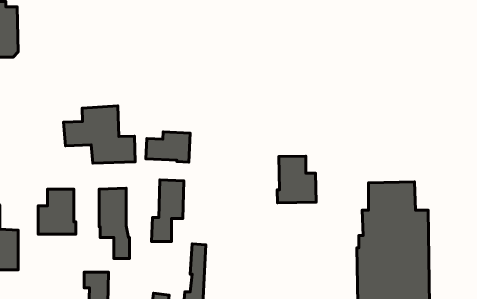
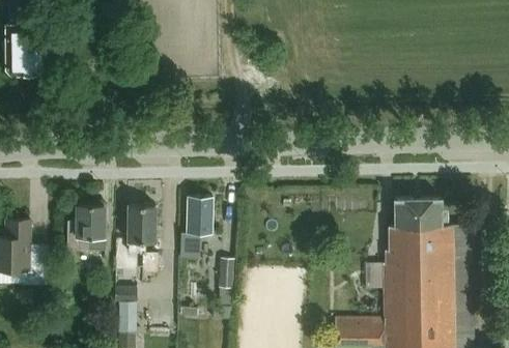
building: [64,106,135,163] -> none
building: [146,132,190,162] -> none
building: [277,156,316,203] -> none

